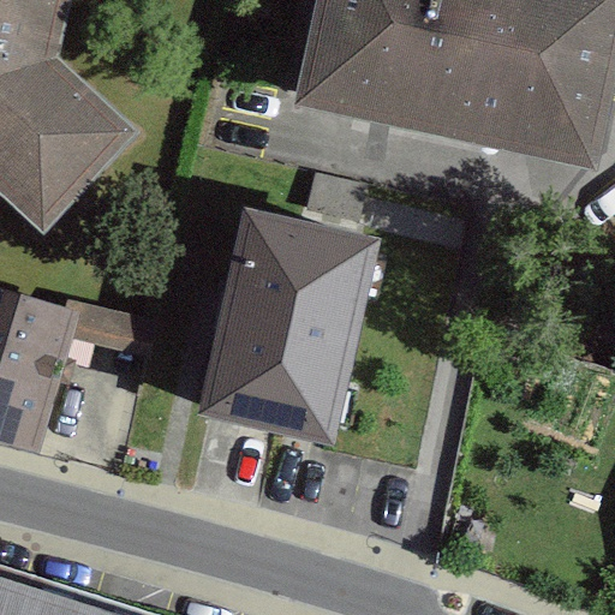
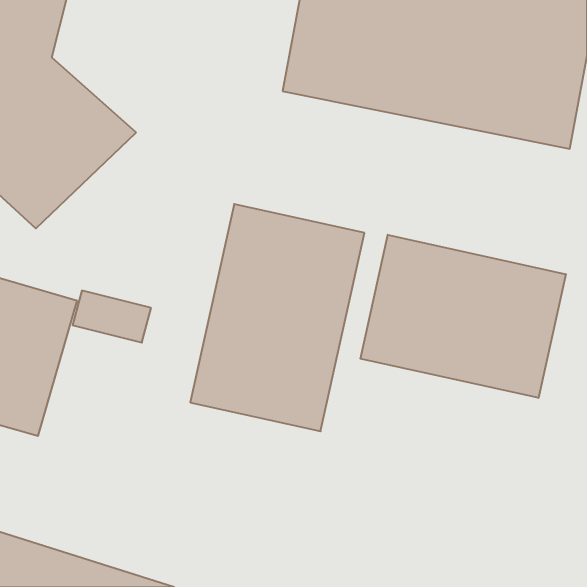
building: none -> [360,235,566,398]

